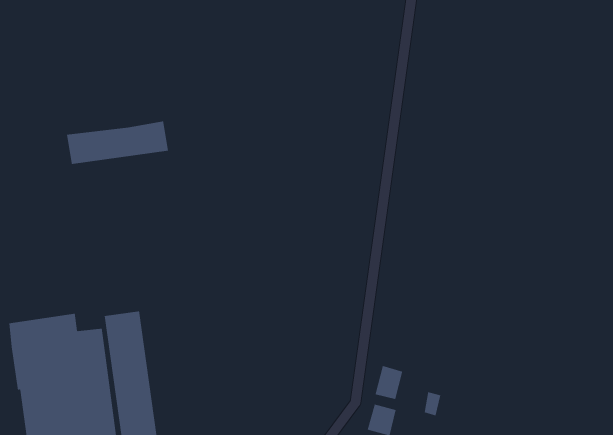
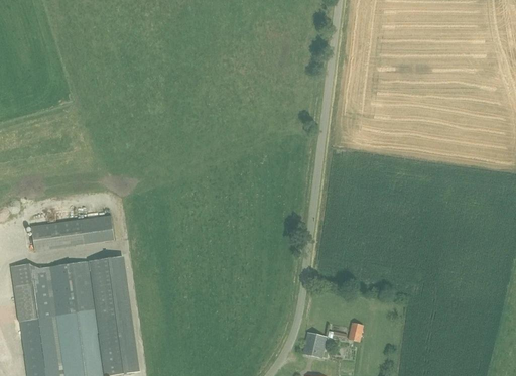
building: [66,121,169,164] -> [31,214,115,249]
building: [375,365,403,400] -> none

